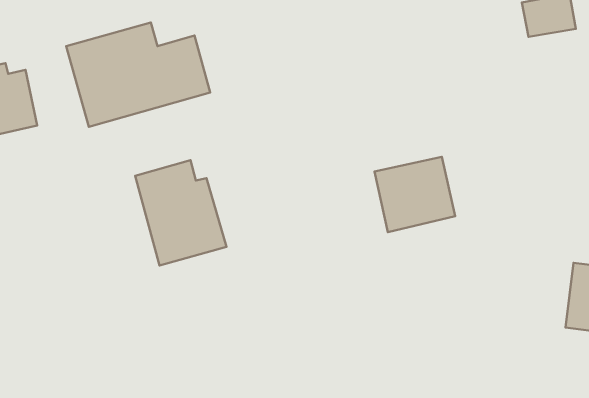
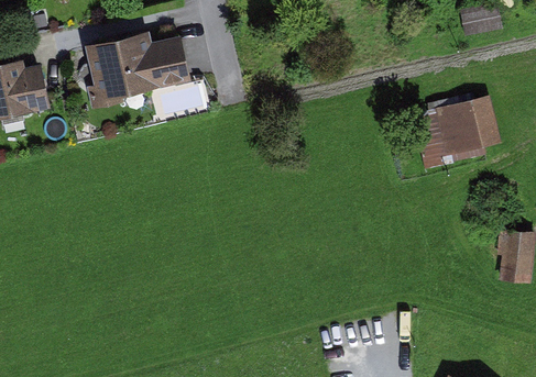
building: [375,157,455,232] -> [431,97,499,159]
building: [135,160,227,266] -> none

